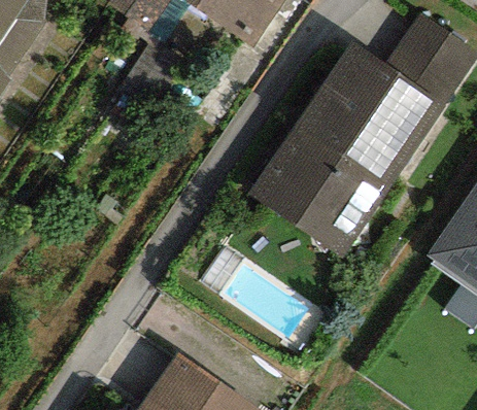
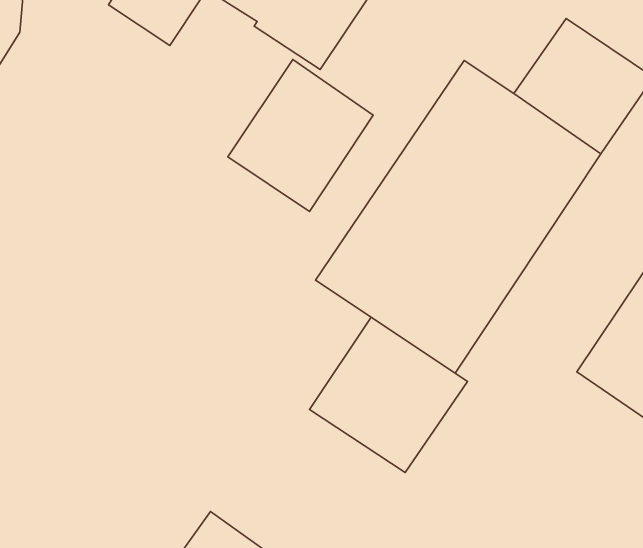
building: none -> [228,60,373,212]
building: none -> [310,317,467,472]

